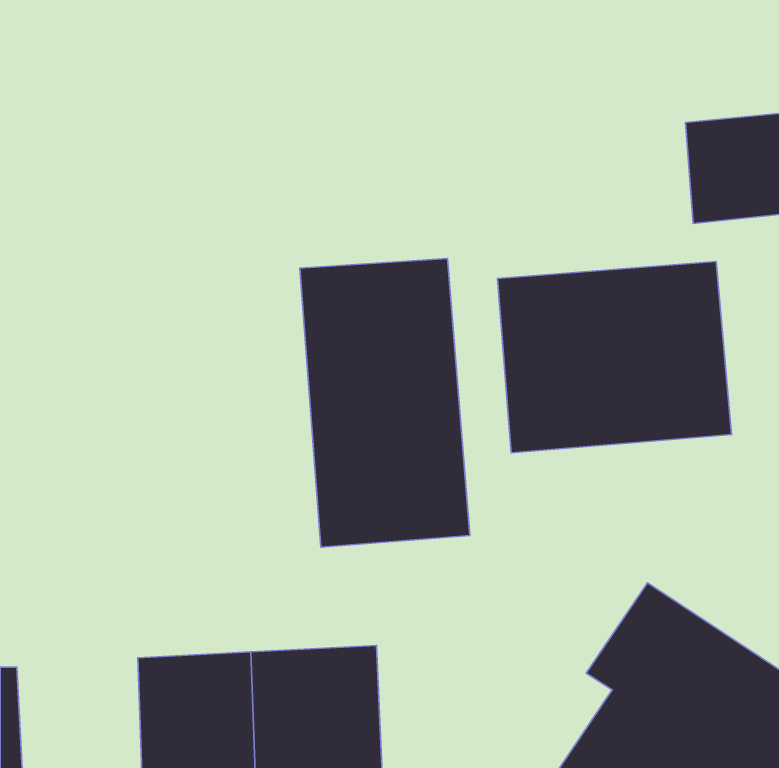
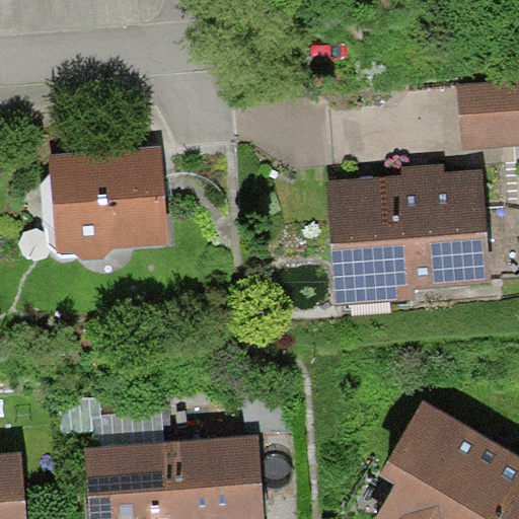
building: none -> [48,147,164,237]
building: [300,259,470,547] -> none

